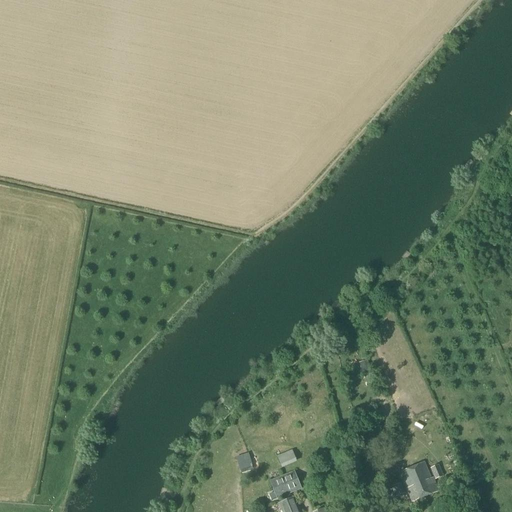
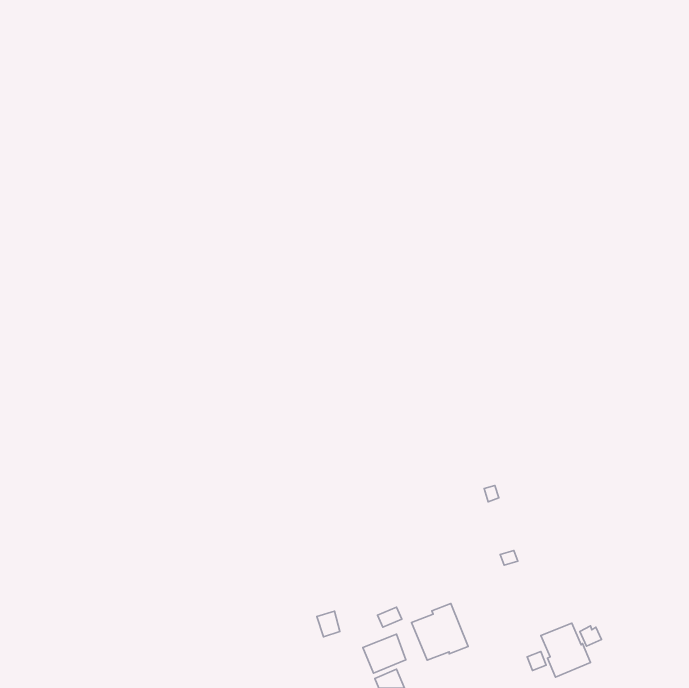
building: none -> [411,603,468,660]

